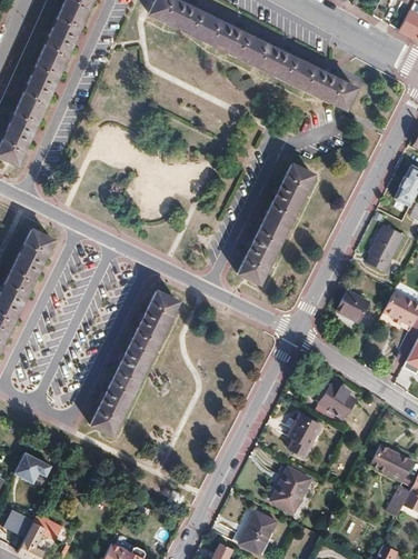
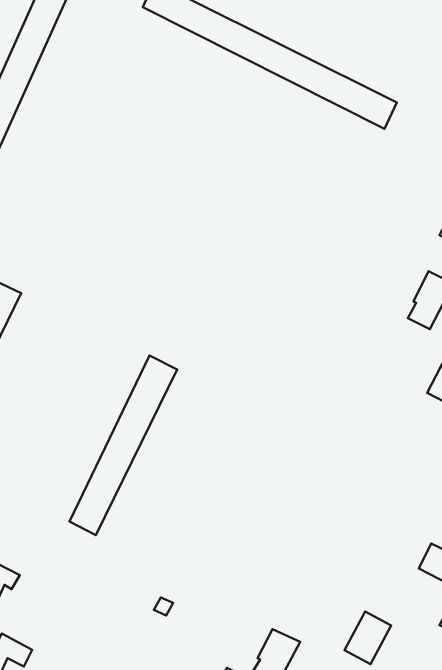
building: [238,163,312,287] -> none
building: [337,292,368,322] -> none
building: [326,379,361,413] -> none
building: [288,416,320,457] -> none
building: [272,470,310,512] -> [344,612,391,664]

